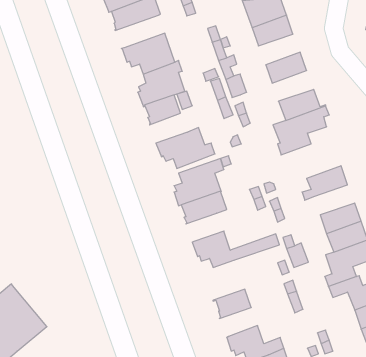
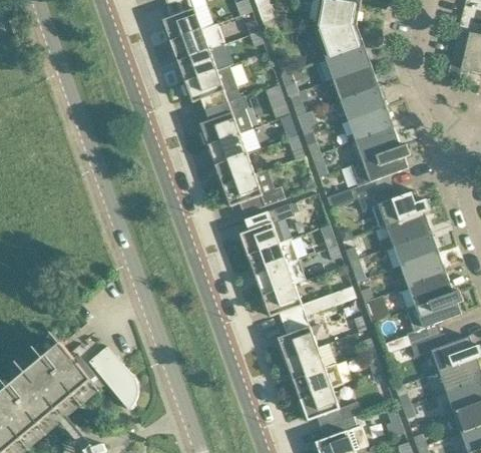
building: none -> [174,45,229,81]
building: none -> [333,66,379,100]
building: none -> [348,106,394,140]
building: none -> [212,153,255,186]
building: none -> [358,187,430,228]
building: none -> [394,233,439,266]
building: none -> [253,264,295,295]
building: none -> [277,316,318,360]
building: none -> [88,346,137,409]
building: none -> [290,364,343,400]

